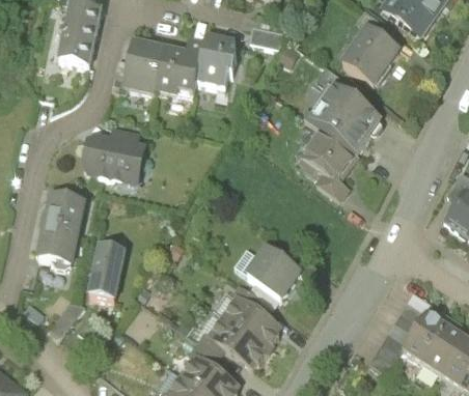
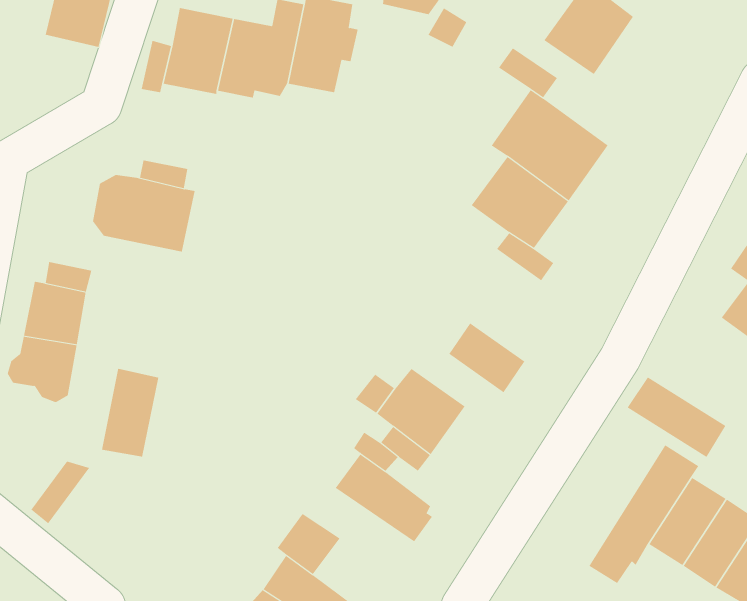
building: none -> [448,322,525,393]
building: none -> [627,377,726,458]
building: [211,317,269,366] -> none

